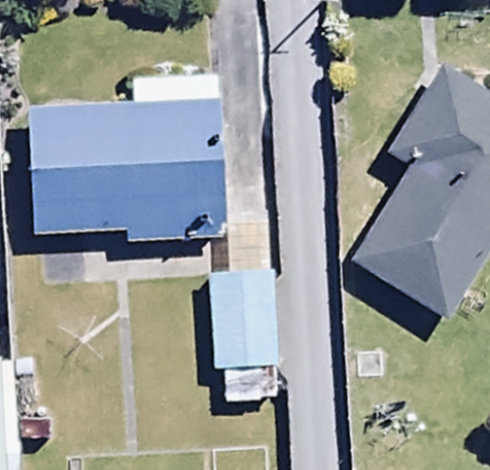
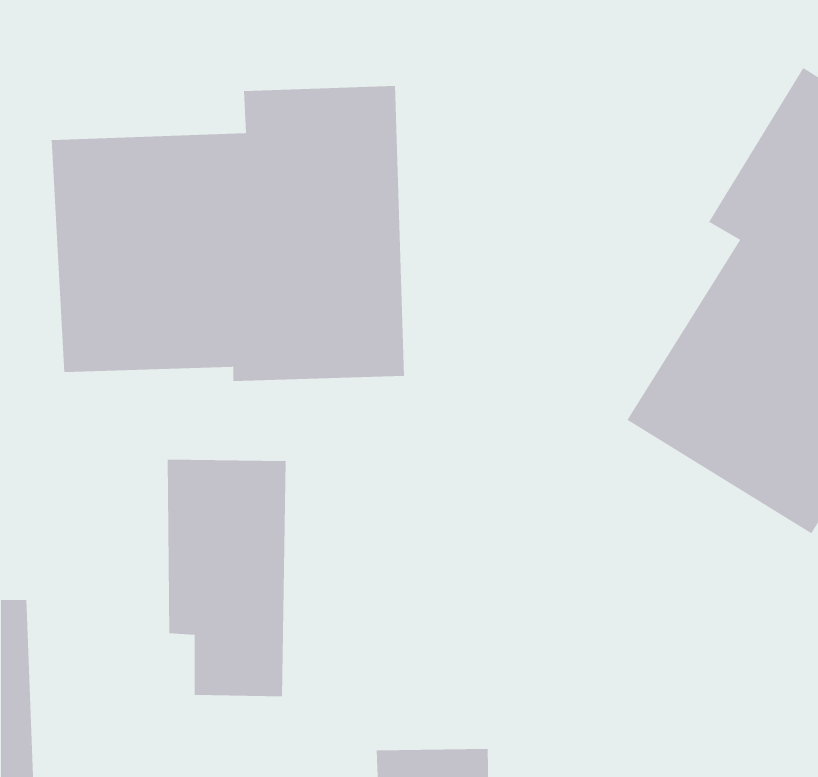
building: [211,270,278,402] -> [167,459,287,697]

